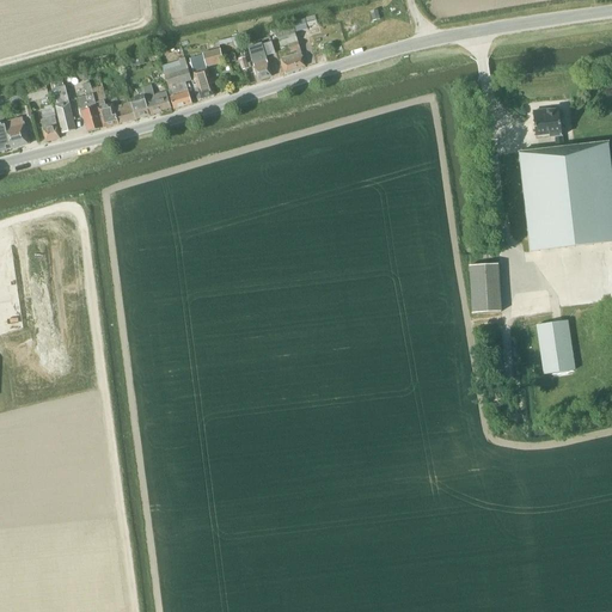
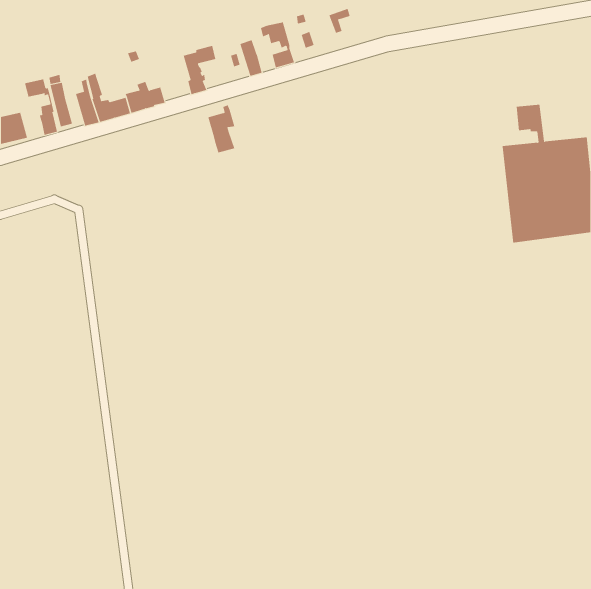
building: [163,56,191,106] -> [208,104,235,153]
building: [469,262,501,312] -> none
building: [536,319,574,373] -> none

